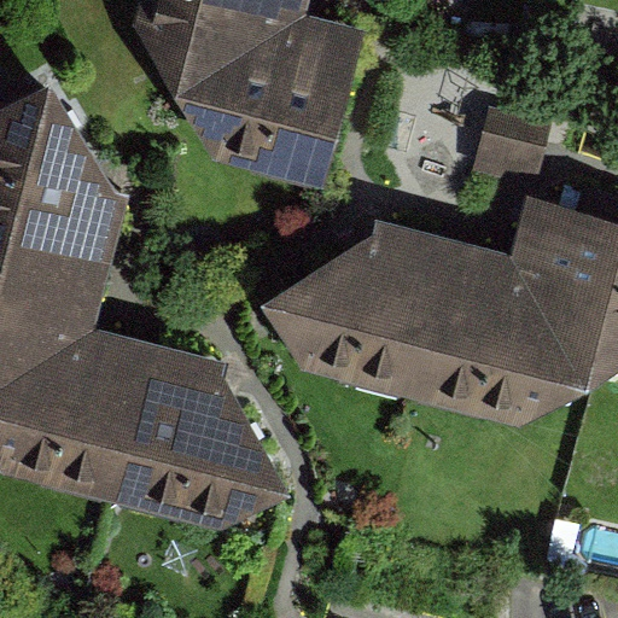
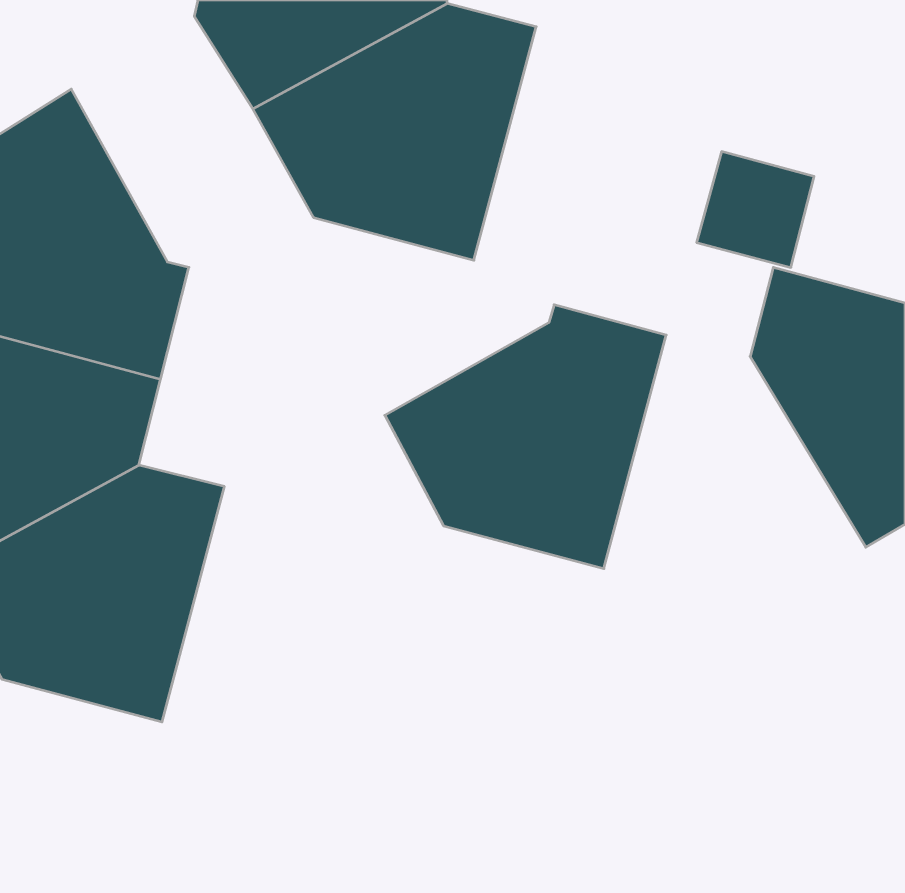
building: [409,239,587,426] -> none
building: [110,342,288,530] -> none

